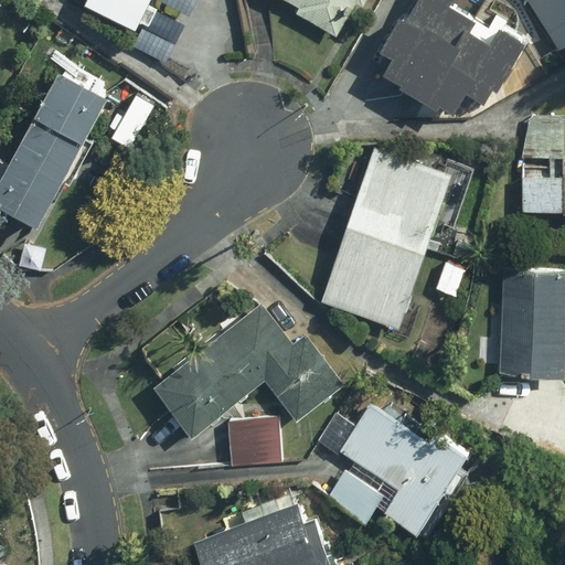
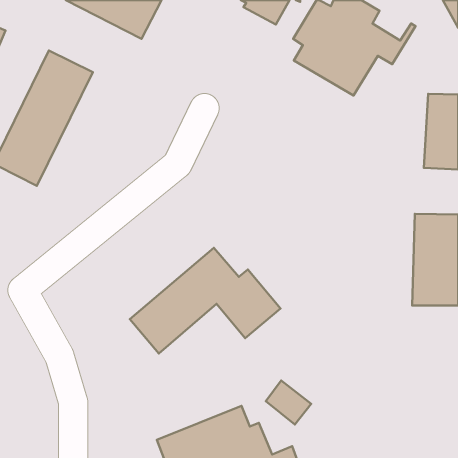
building: [319,146,473,333] -> none
building: [318,406,470,531] -> none
building: [231,415,282,466] -> none

